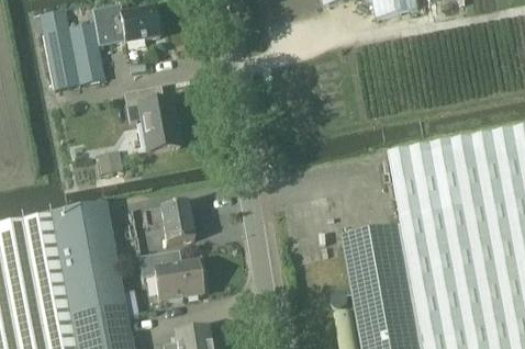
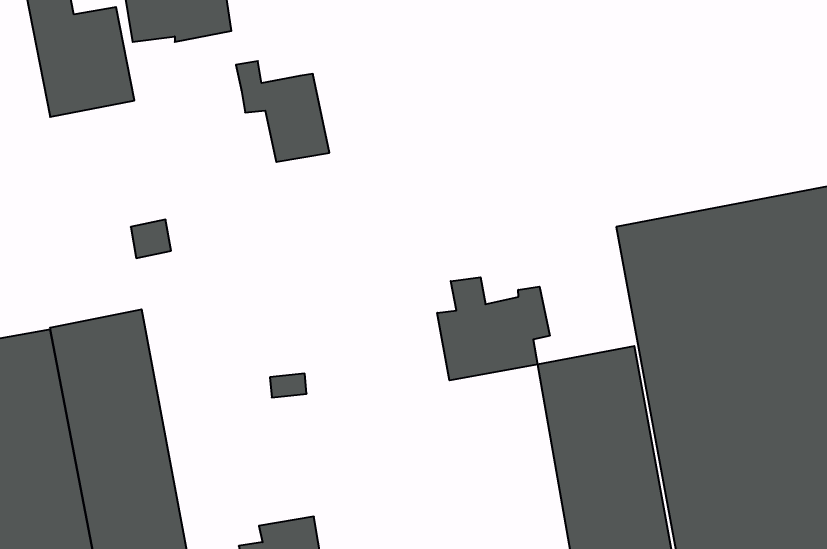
building: [124,90,180,150] -> [236,61,329,162]
building: none -> [437,277,550,380]
building: [145,201,193,243] -> none
building: [137,249,202,300] -> none

